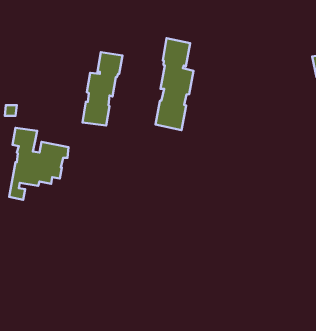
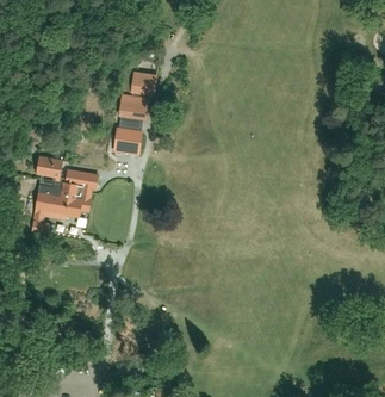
building: [156,38,193,130] -> none

